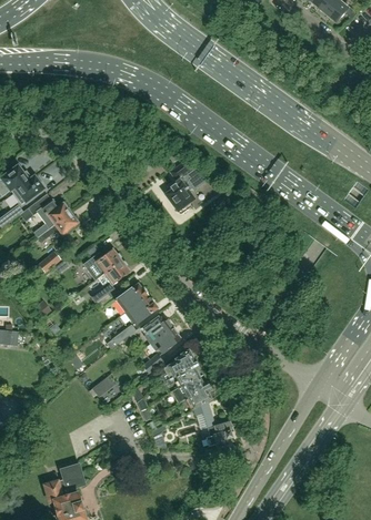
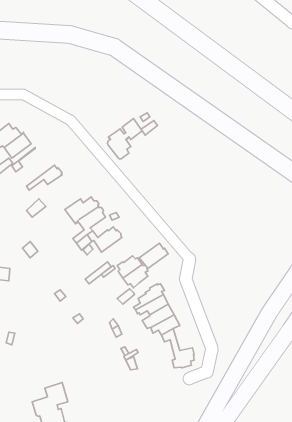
building: [167,166,207,213] -> [108,118,142,159]
building: [34,201,70,237] -> none
building: [124,296,158,325] -> [139,243,168,268]

